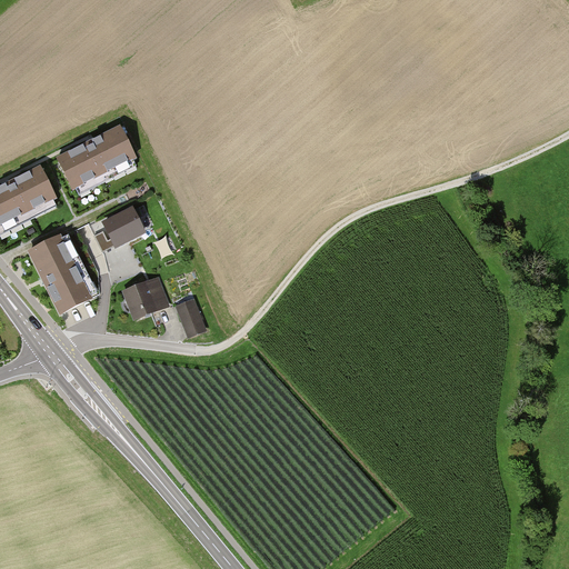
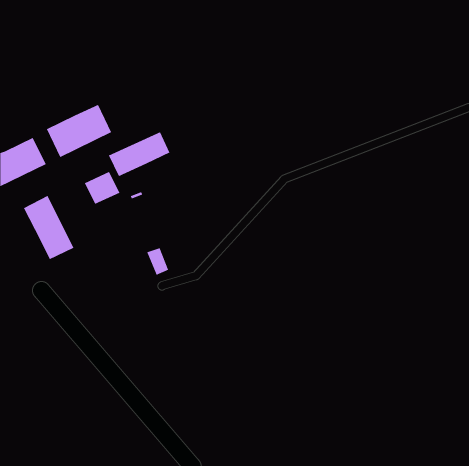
building: none -> [108,131,171,177]
building: [126,276,168,313] -> none

